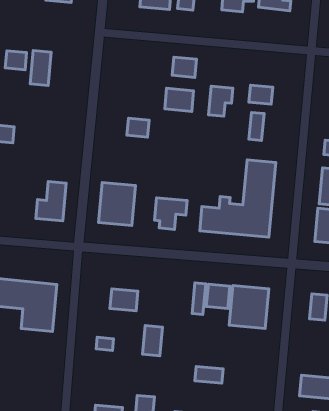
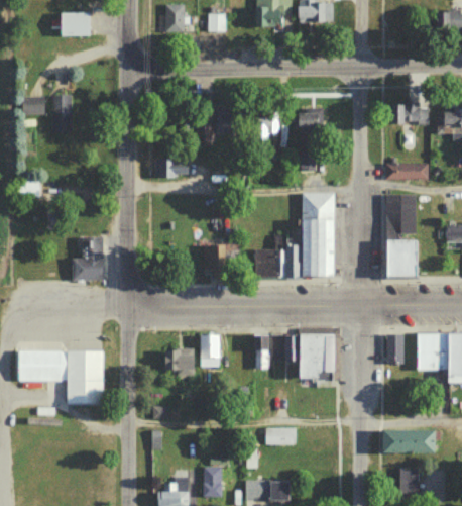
building: [172,57,197,77] -> none
building: [99,182,136,226] -> none
building: [143,326,162,356] -> [201,335,220,368]

